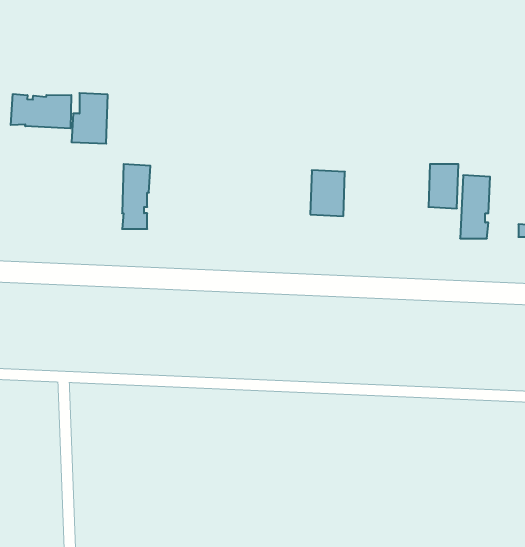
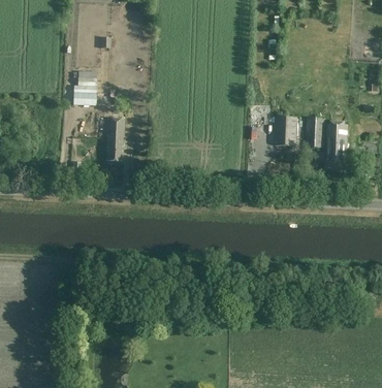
building: [11,94,71,128] -> none
building: [310,170,345,216] -> [274,115,296,144]

